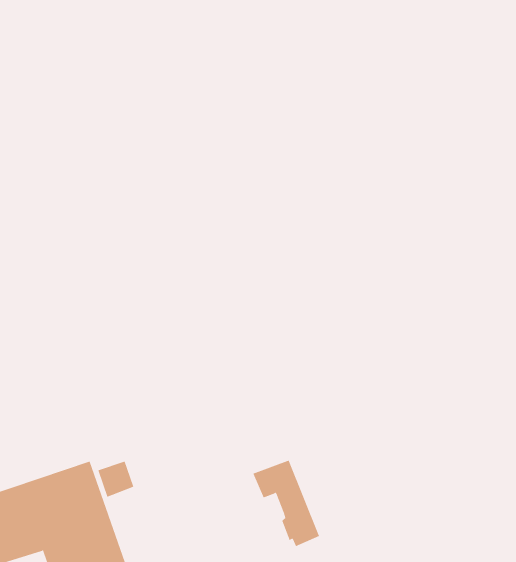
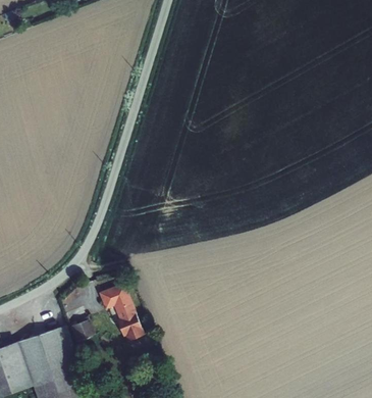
building: [253,460,320,547] -> [98,284,143,342]

